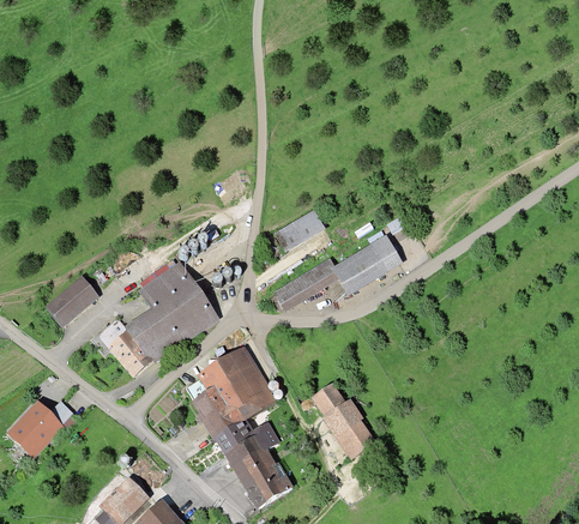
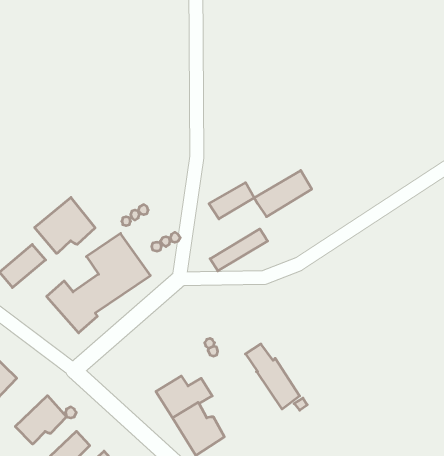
building: none -> [35,197,95,253]
building: [334,239,397,289] -> [254,170,312,217]
building: [186,351,263,438] -> none
building: none -> [15,396,66,444]

